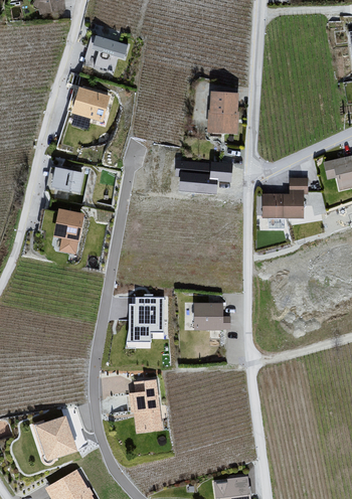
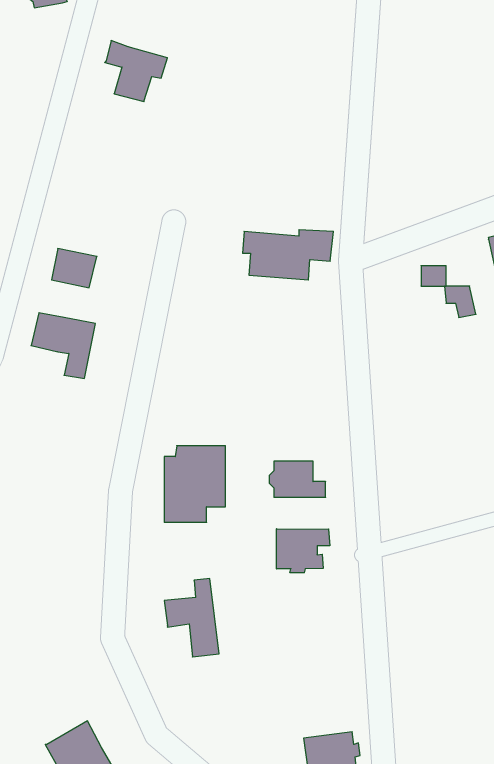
building: [72,90,108,119] -> none
building: [210,93,237,131] -> none
building: [266,194,307,215] -> none
building: none -> [277,529,330,573]
building: [38,418,74,457] -> none

